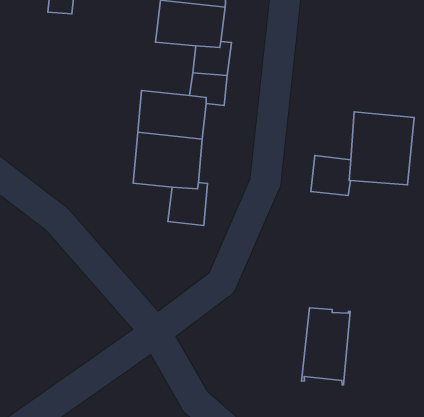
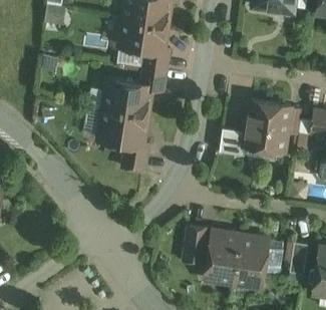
building: none -> [185,227,208,263]
building: none -> [234,235,284,288]

